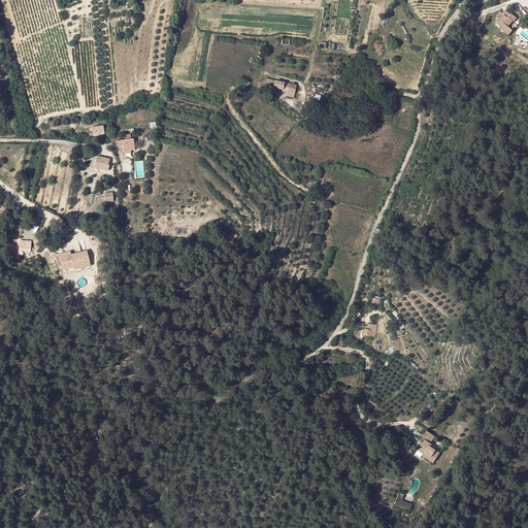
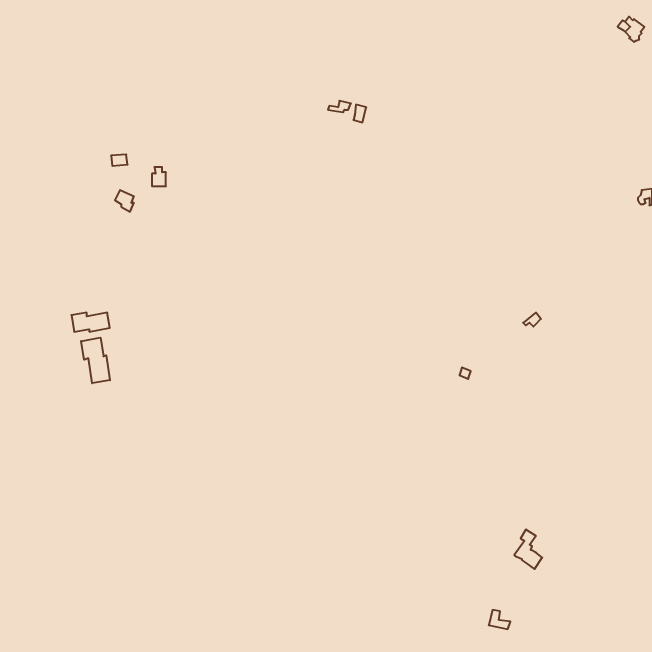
building: none -> [81,338,110,383]

